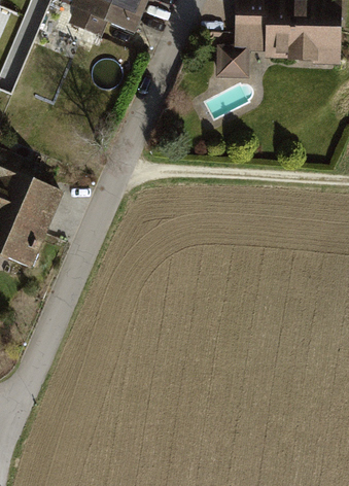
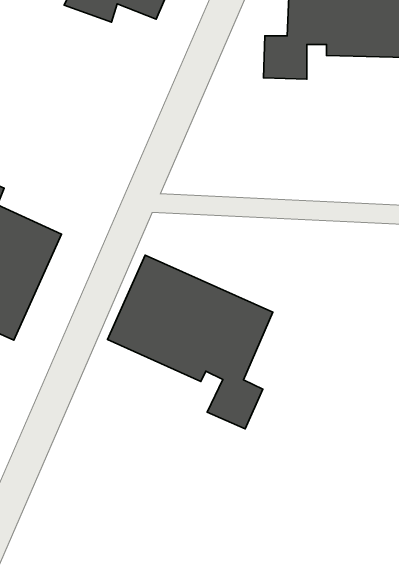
building: none -> [108,255,273,429]

